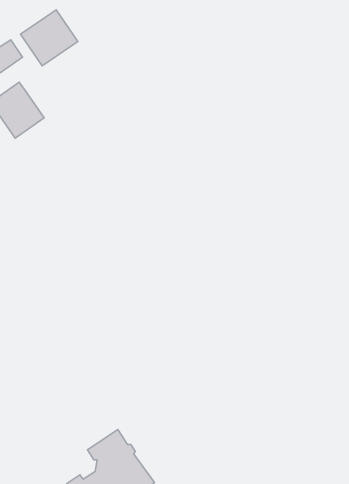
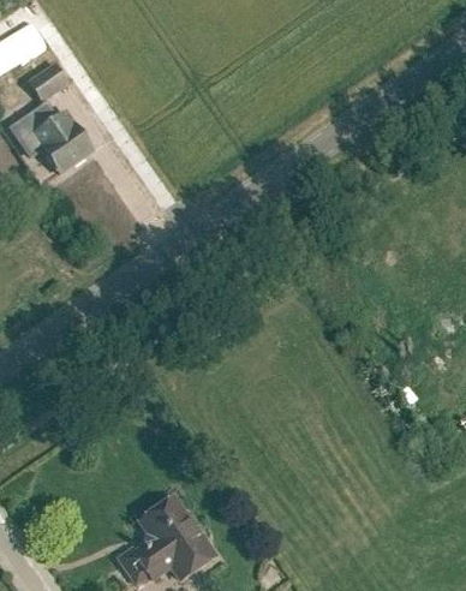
building: [21,10,78,66] -> none

